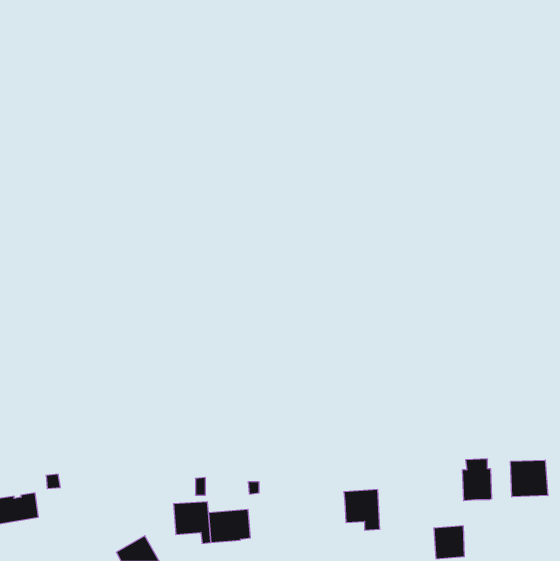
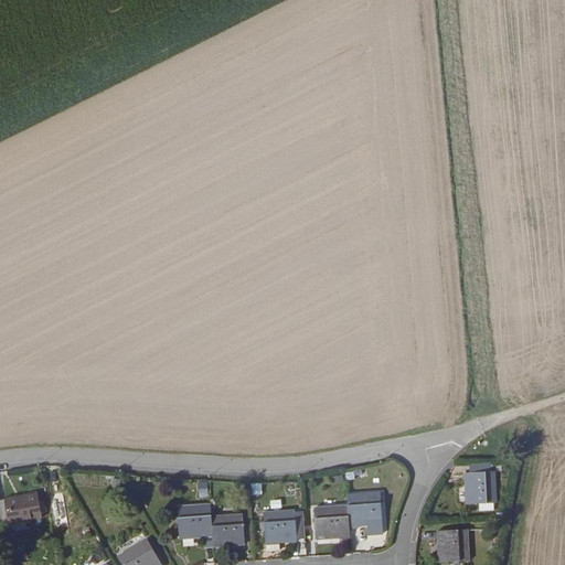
building: [511,460,548,497] -> none
building: none -> [312,504,349,539]
building: none -> [263,509,303,548]

